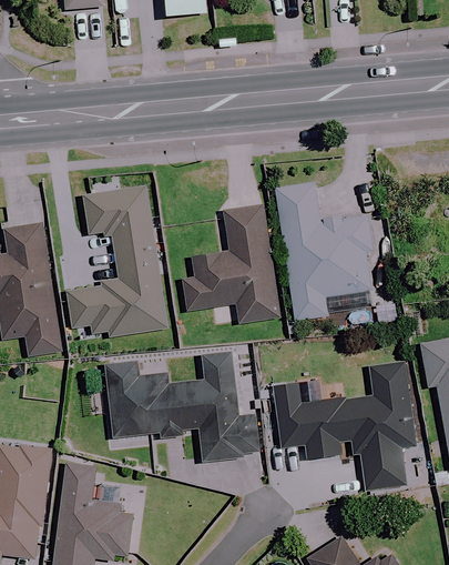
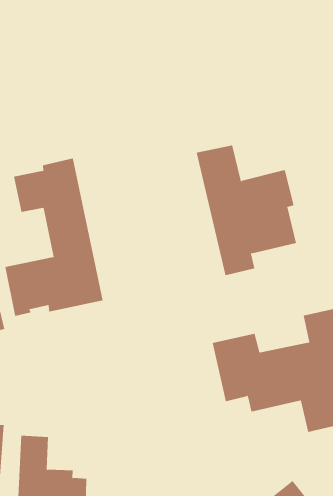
building: [184,206,279,323] -> none
building: [108,353,263,461] -> none

